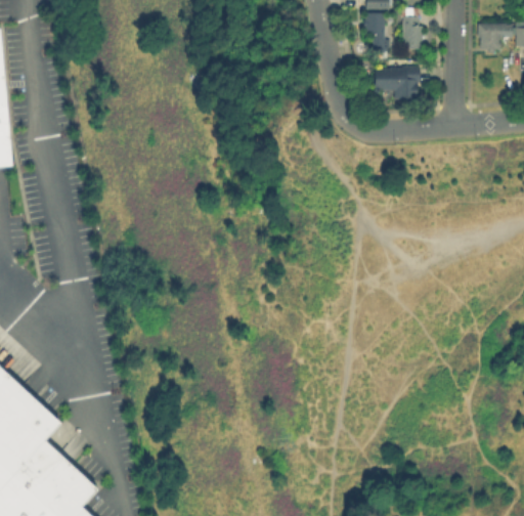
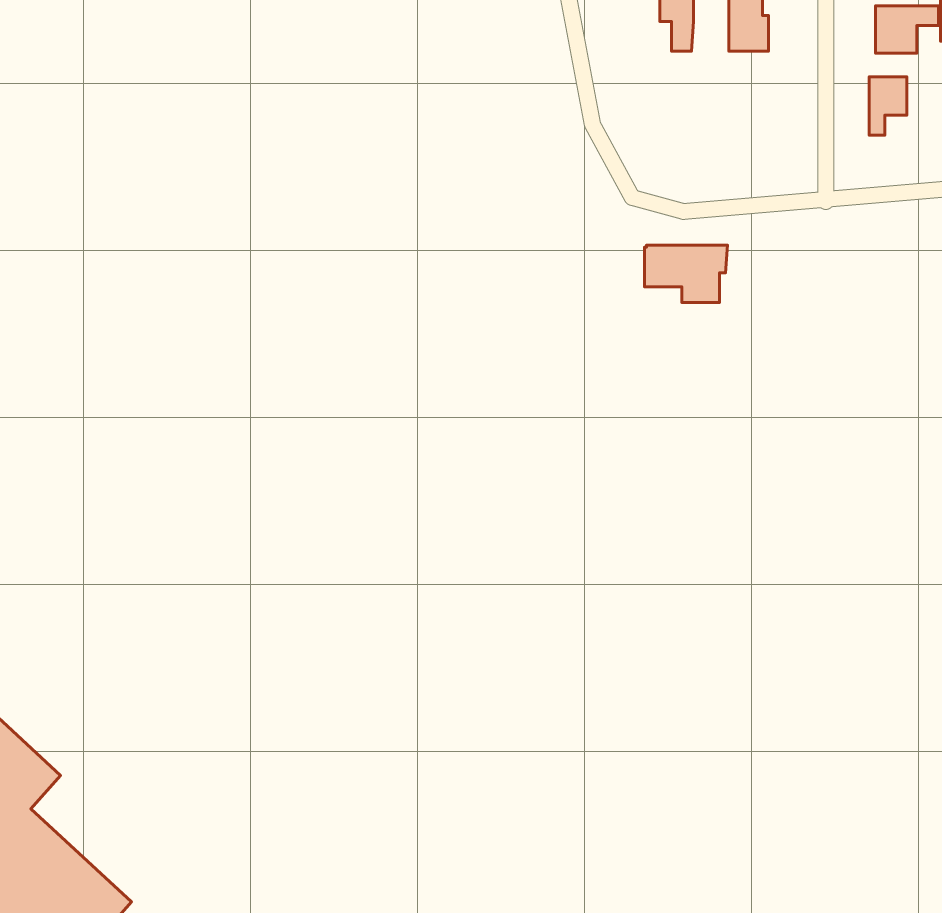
building: none -> [869,77,907,135]
building: [377,69,420,98] -> [644,245,727,303]

